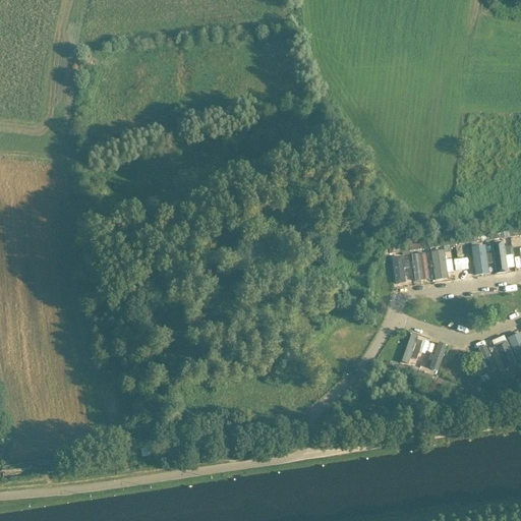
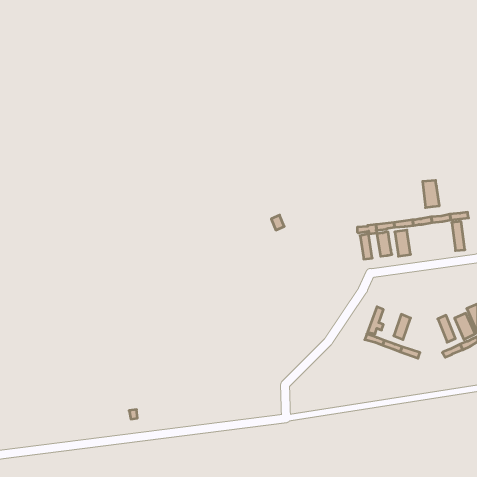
building: [473,243,491,273] -> [423,180,439,208]

